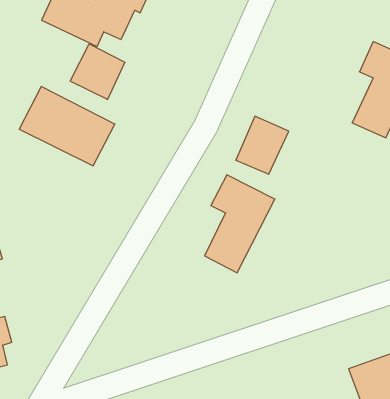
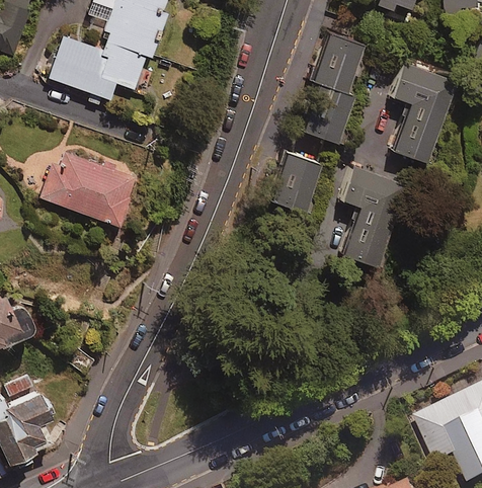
building: none -> [303,32,368,147]
building: [70,44,125,100] -> none
building: [205,175,275,273] -> [338,166,406,268]

